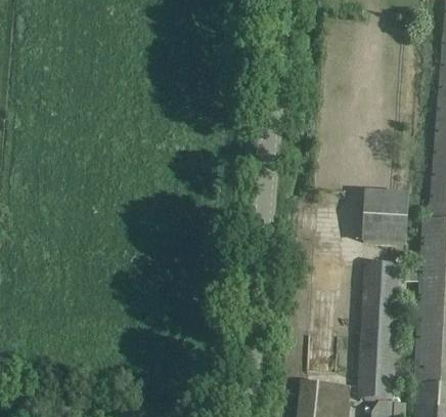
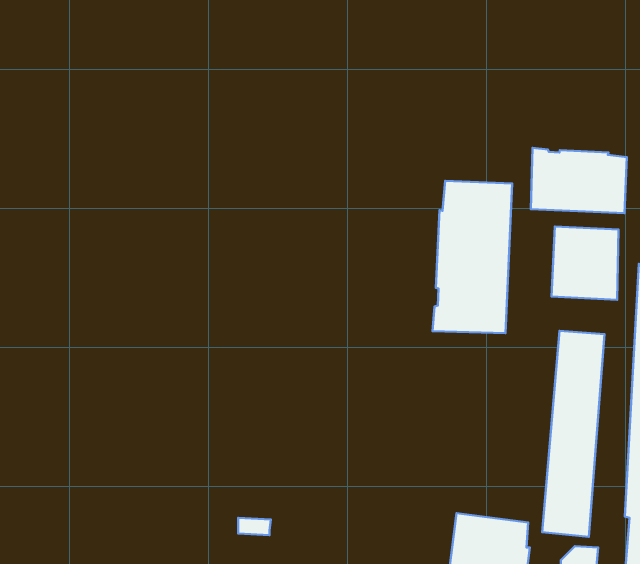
building: none -> [531,148,627,213]
building: none -> [433,181,512,333]

